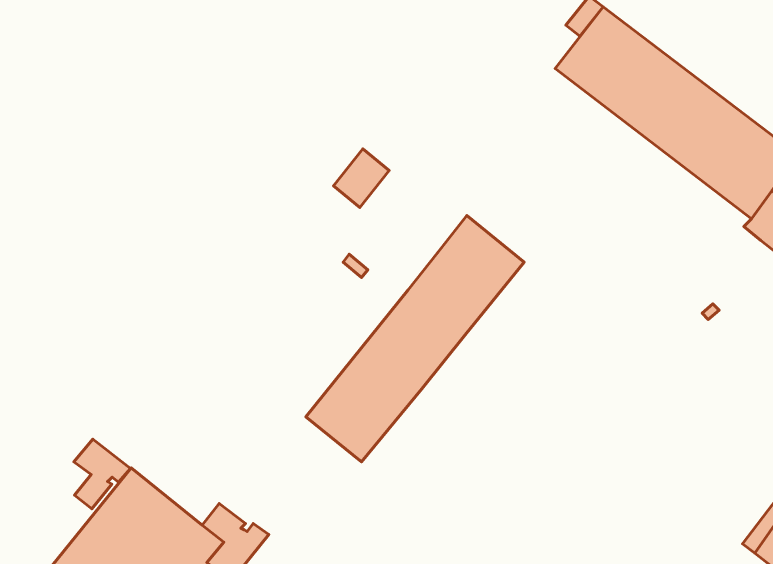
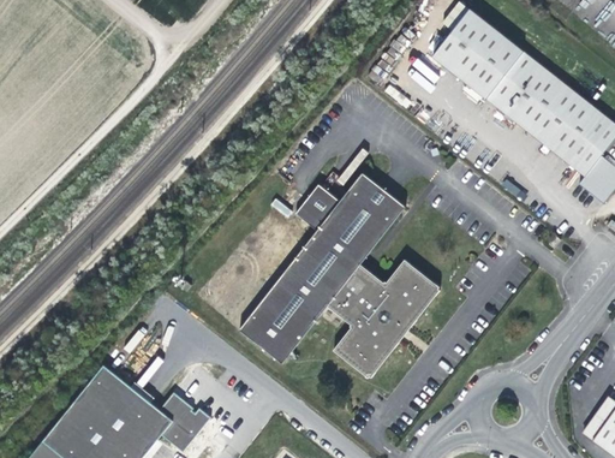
building: [333,149,389,208] -> [297,184,340,230]
building: none -> [328,257,442,377]
building: [74,439,130,509] -> none

